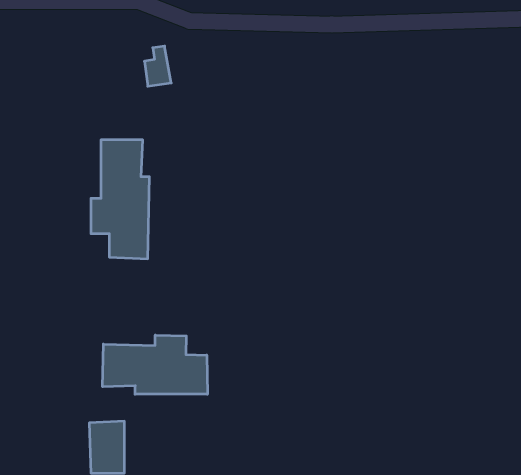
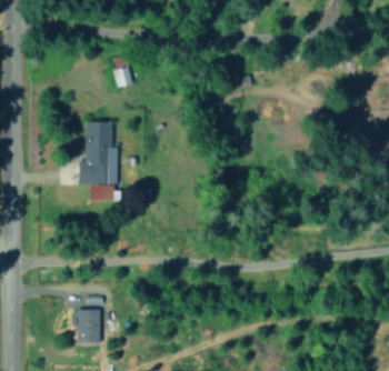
building: [103,335,207,394] -> none

